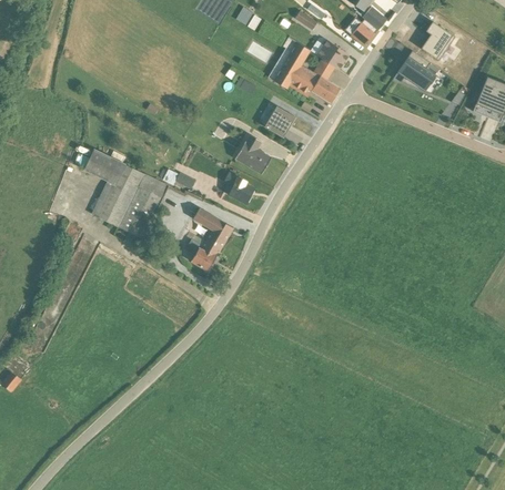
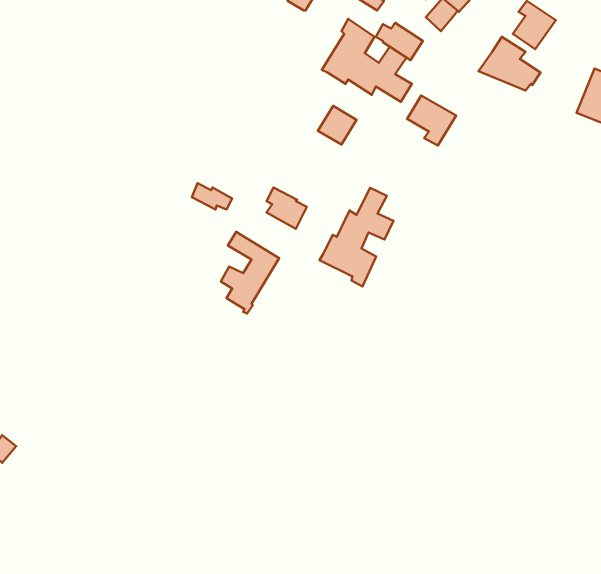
building: none -> [407,96,456,146]
building: [235,133,271,173] -> none
building: [81,147,170,238] -> none
building: none -> [320,188,393,287]

